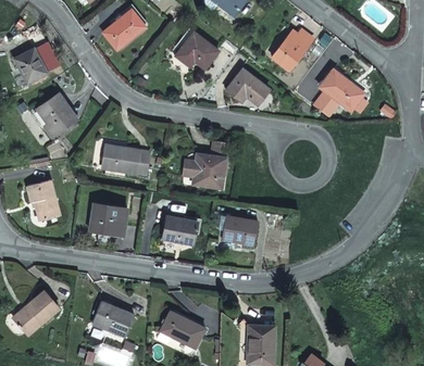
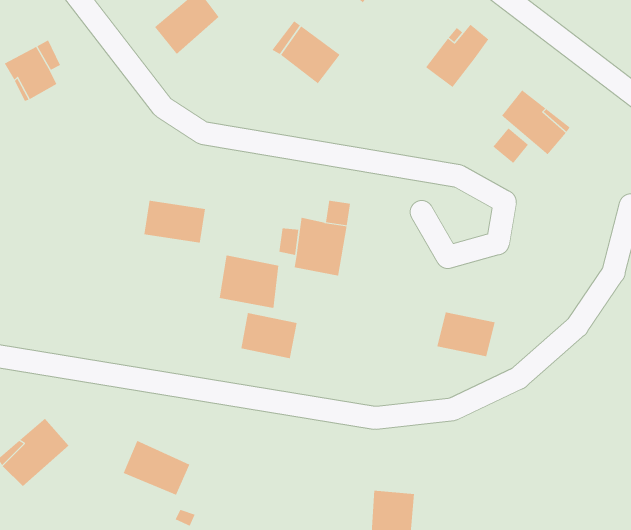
building: [233,73,275,108] -> none
building: [36,91,76,137] -> none
building: [26,178,60,217] -> none
building: [89,201,127,235] -> [219,255,279,309]
building: [222,219,259,248] -> [437,312,495,357]
building: [158,310,203,348] -> none

